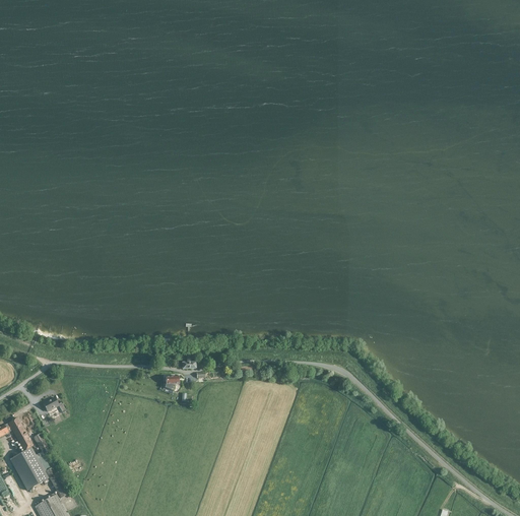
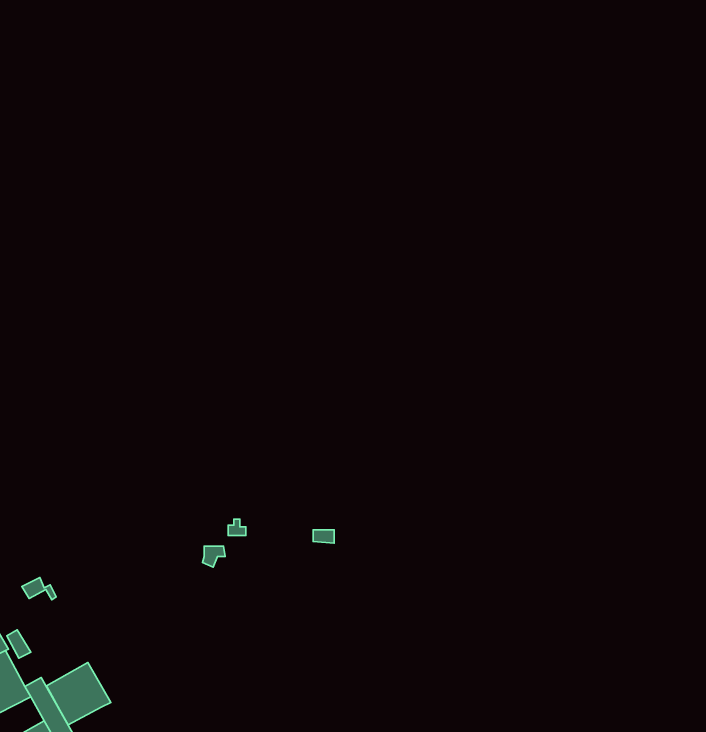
building: none -> [46,662,111,725]

